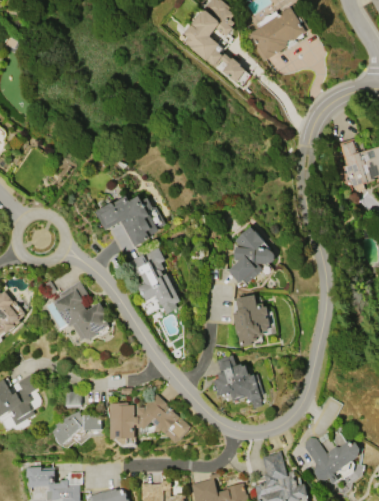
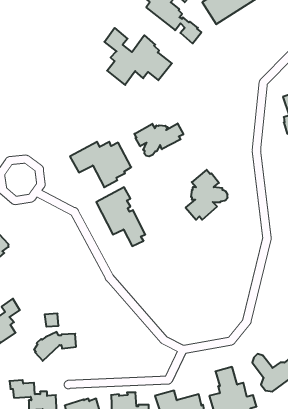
building: none -> [104,28,172,85]
building: none -> [134,123,183,156]
building: [53,281,110,341] -> none
building: [233,295,270,347] -> none
building: [213,355,264,407] -> none
building: [110,394,190,443] -> none

